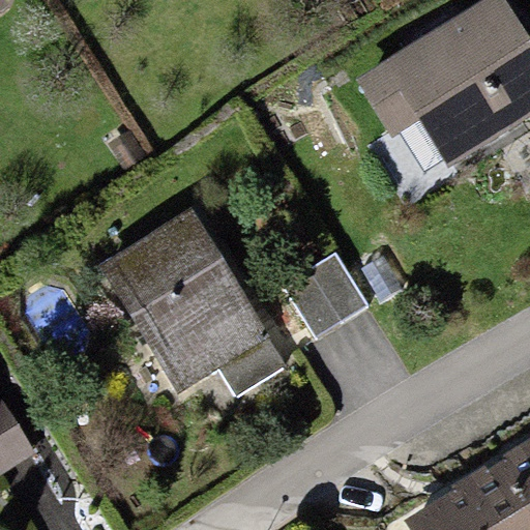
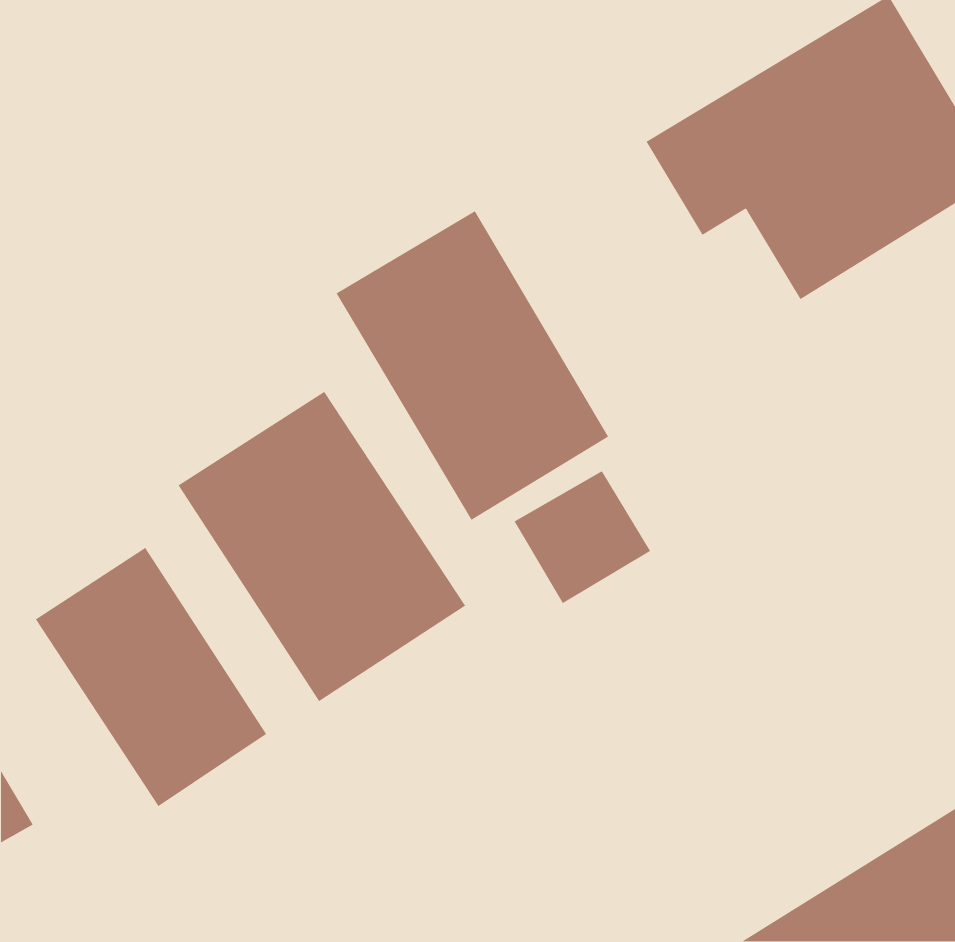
building: none -> [335,210,609,521]
building: none -> [35,547,267,807]

